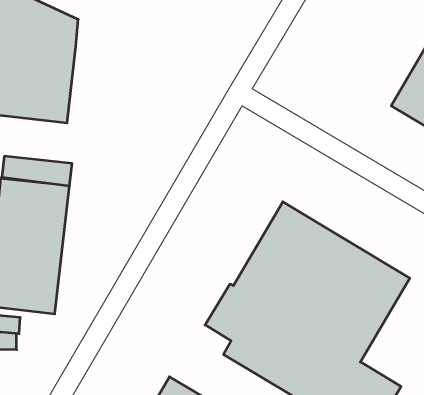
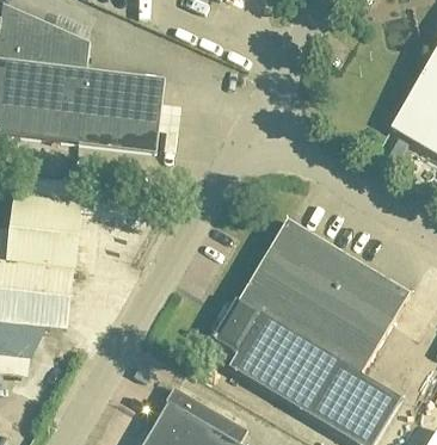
building: none -> [78,68,164,152]

